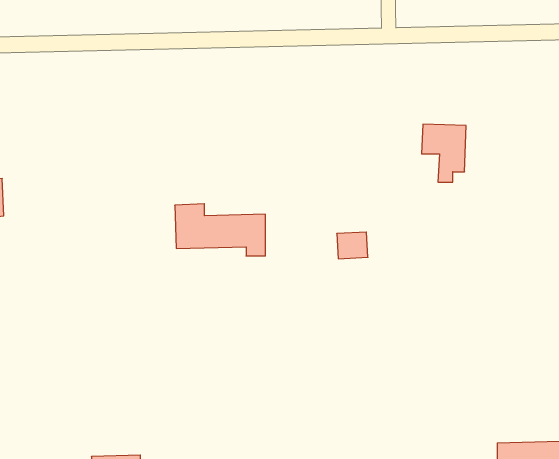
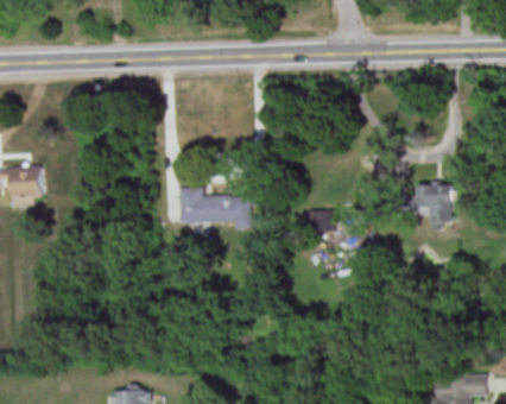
building: [422,124,466,182] -> [417,183,453,229]

